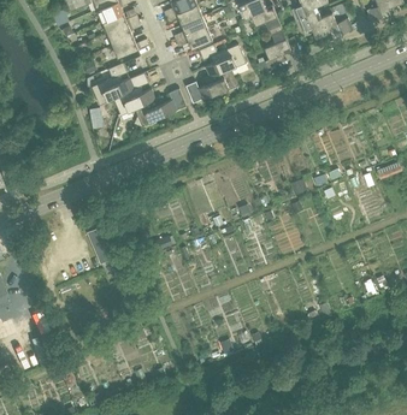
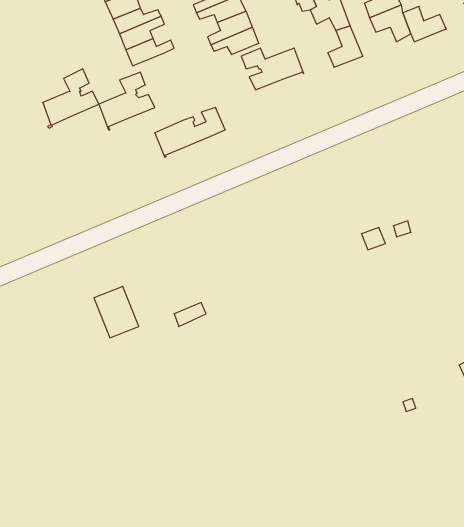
building: [185,67,238,103] -> none
building: [113,72,155,117] -> [43,69,99,128]

